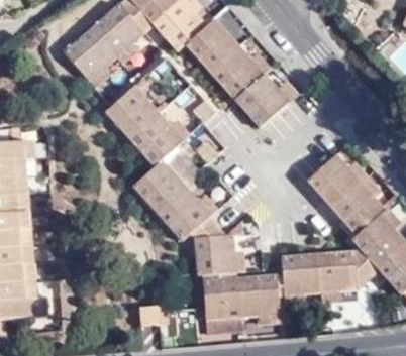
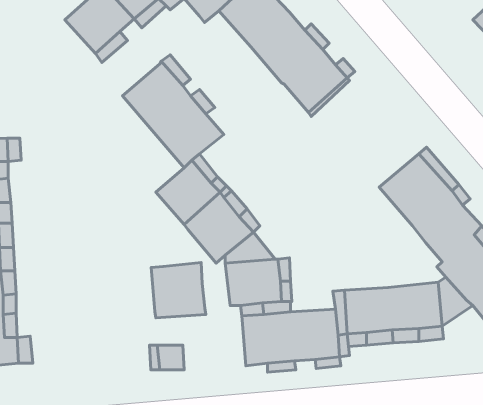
building: none -> [151,263,206,318]

